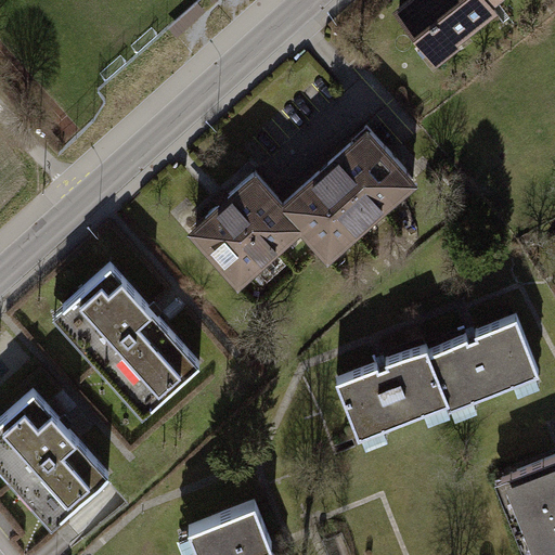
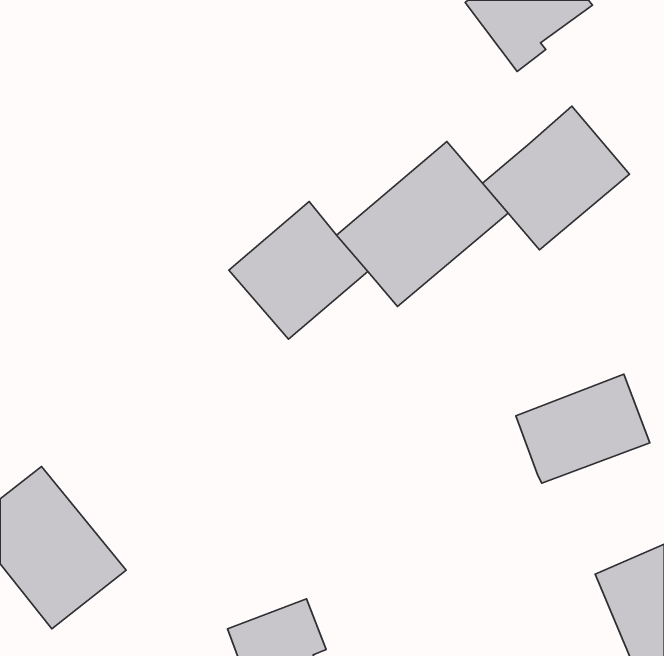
building: none -> [483,106,630,250]
building: [52,270,194,418] -> none
building: [337,347,449,438] -> none

